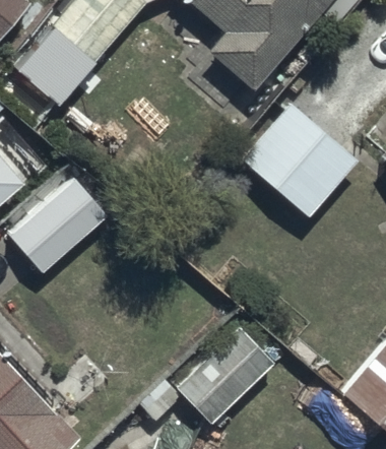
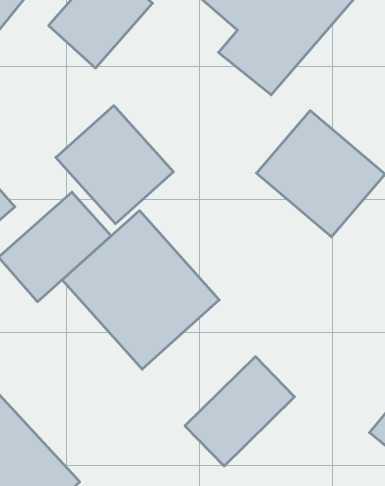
building: none -> [56,106,173,224]
building: none -> [62,211,219,369]

